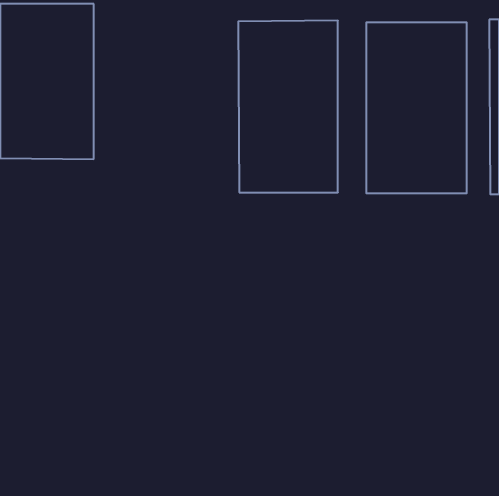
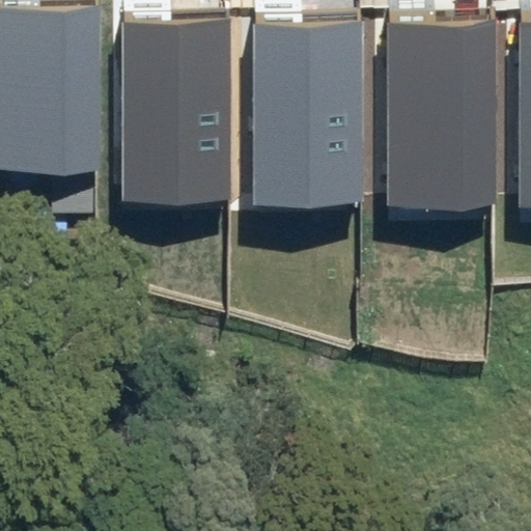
building: none -> [122,24,230,204]

